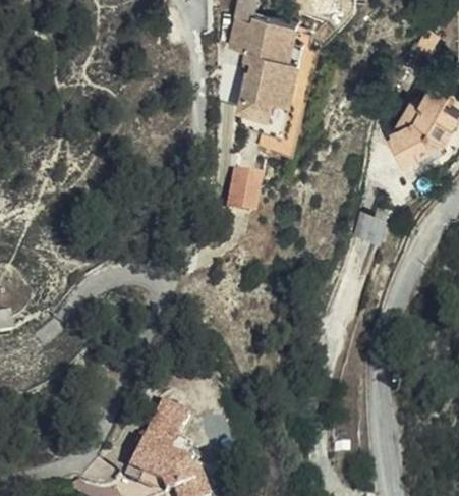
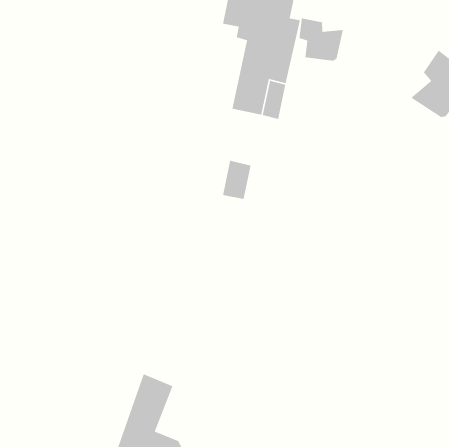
building: none -> [298,17,344,62]
building: [389,124,438,157] -> none

